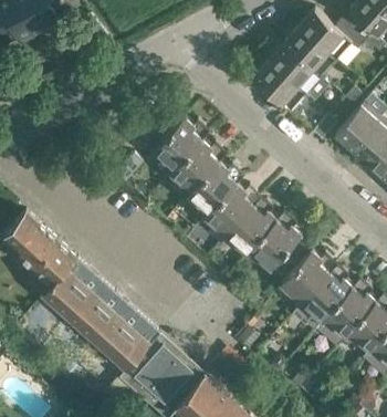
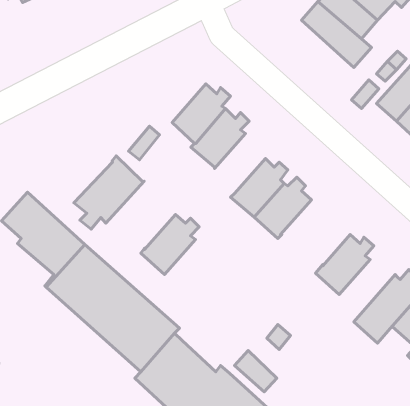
building: [253,61,306,112] -> none
building: [188,161,240,215] -> [141,214,199,274]
building: none -> [74,156,144,229]
building: [250,215,312,279] -> none
building: [293,268,352,331] -> none

